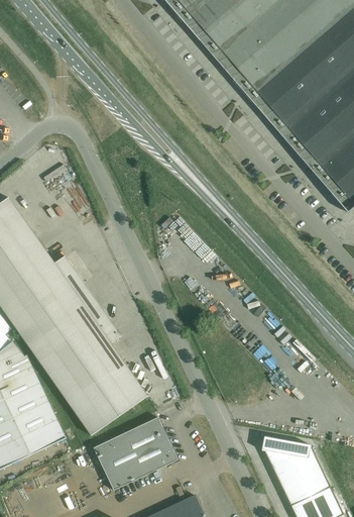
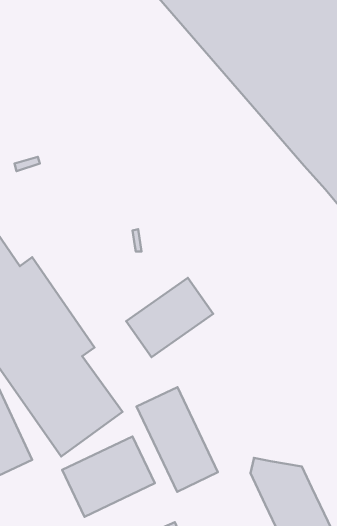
building: none -> [126,278,213,357]
building: none -> [136,387,218,492]

